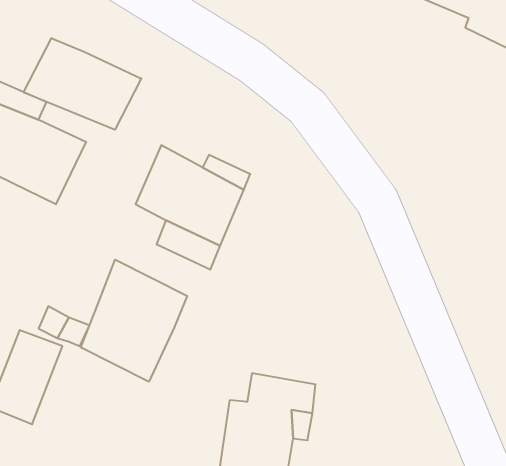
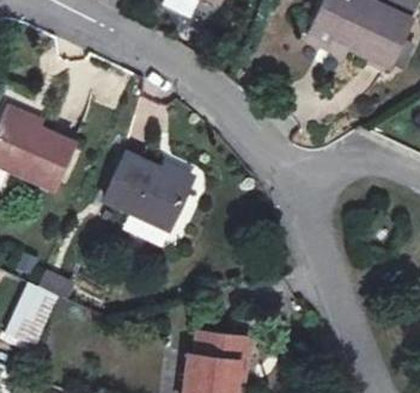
building: [24,38,141,130] -> none
building: [81,260,187,382] -> none

